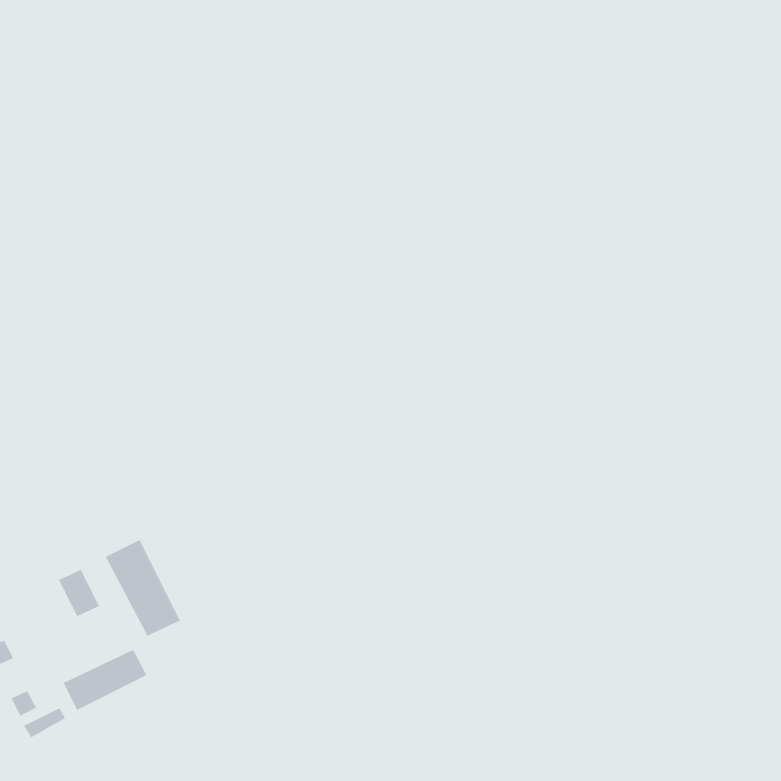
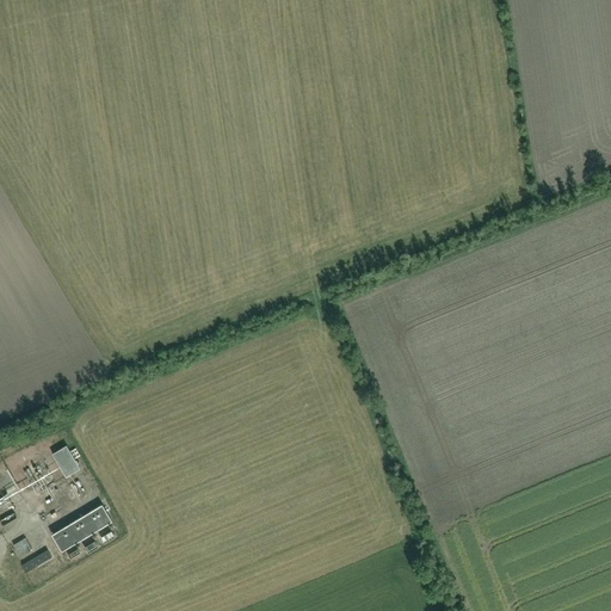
building: [105,539,180,636] -> none

